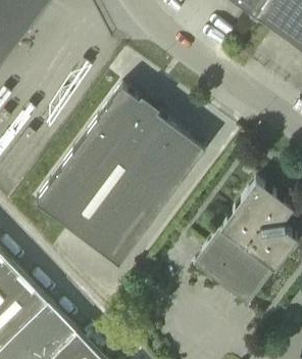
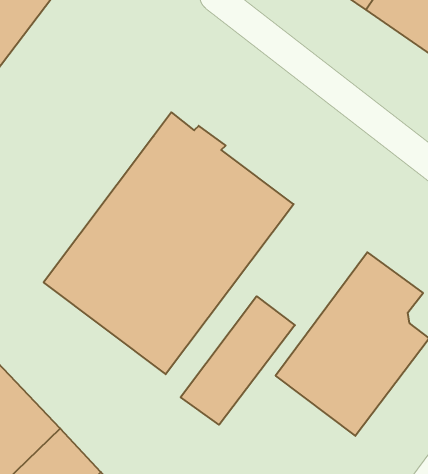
building: none -> [181,296,295,425]

